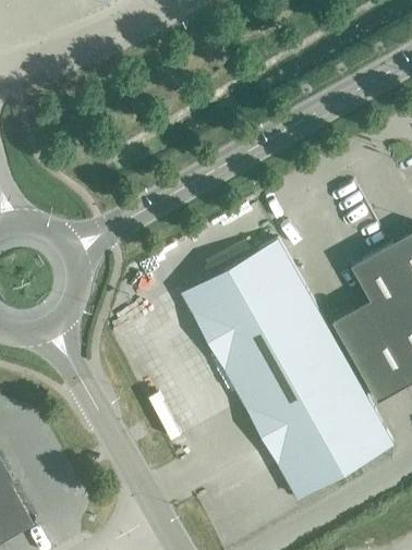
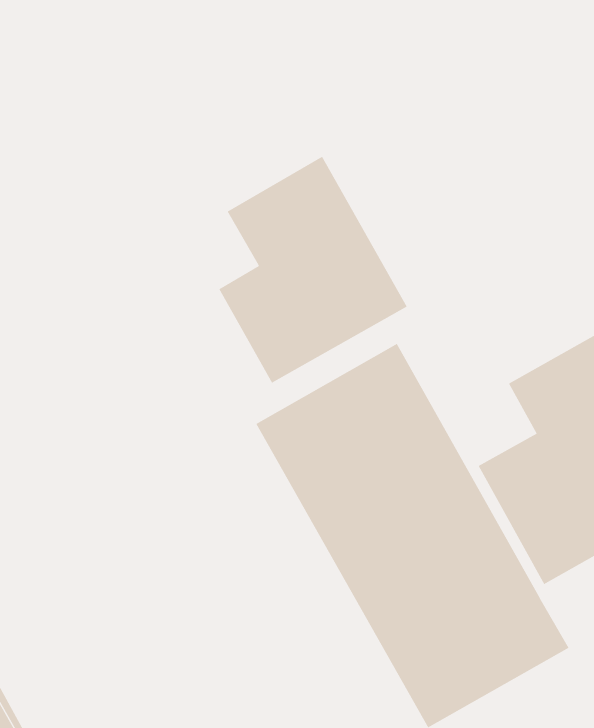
building: none -> [218,156,408,383]

